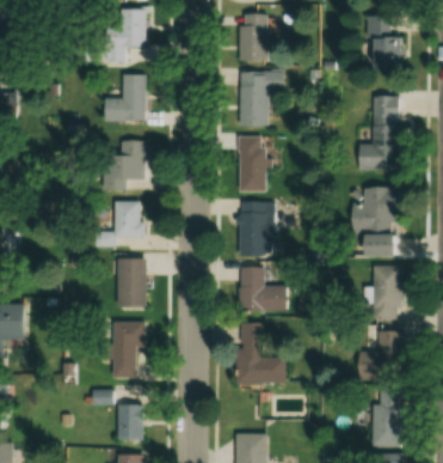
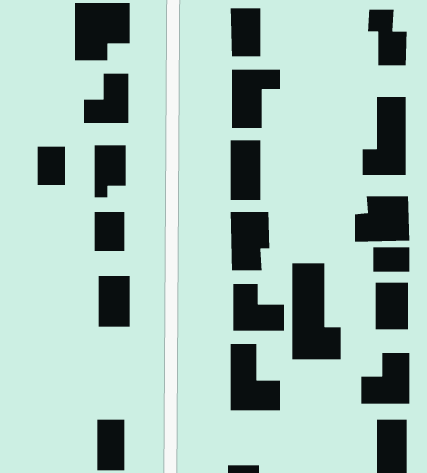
building: none -> [37,146,66,186]
building: none -> [291,262,341,360]
building: [111,322,146,378] -> none

